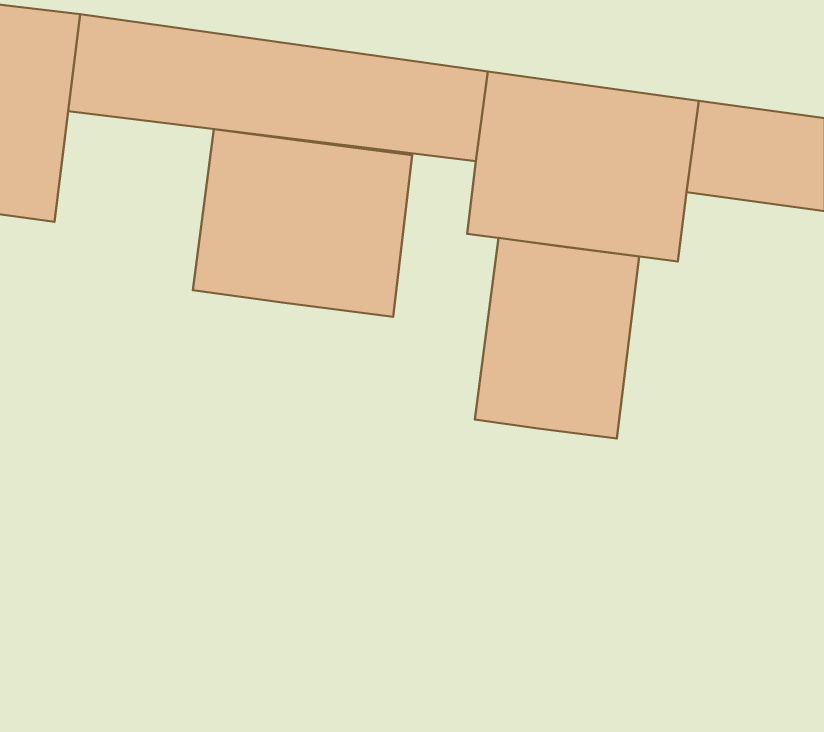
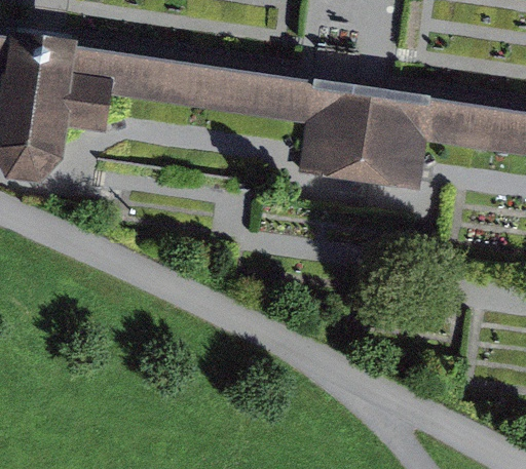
building: [193,129,412,317] -> none
building: [475,238,639,439] -> none

